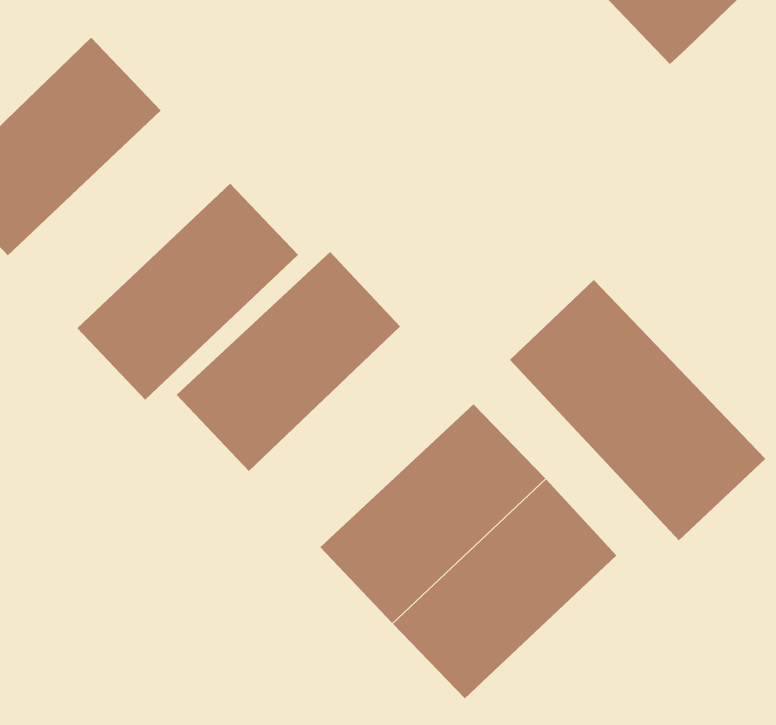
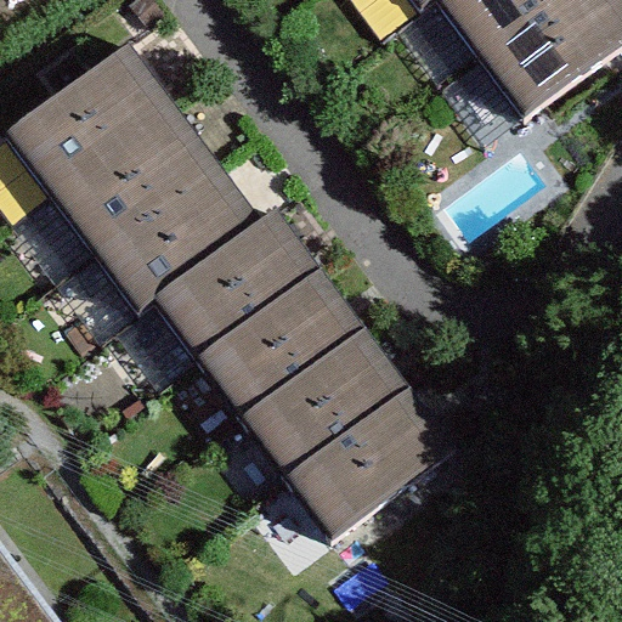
building: none -> [50,101,210,244]
building: [509,279,766,541] -> none
building: none -> [198,271,360,417]

